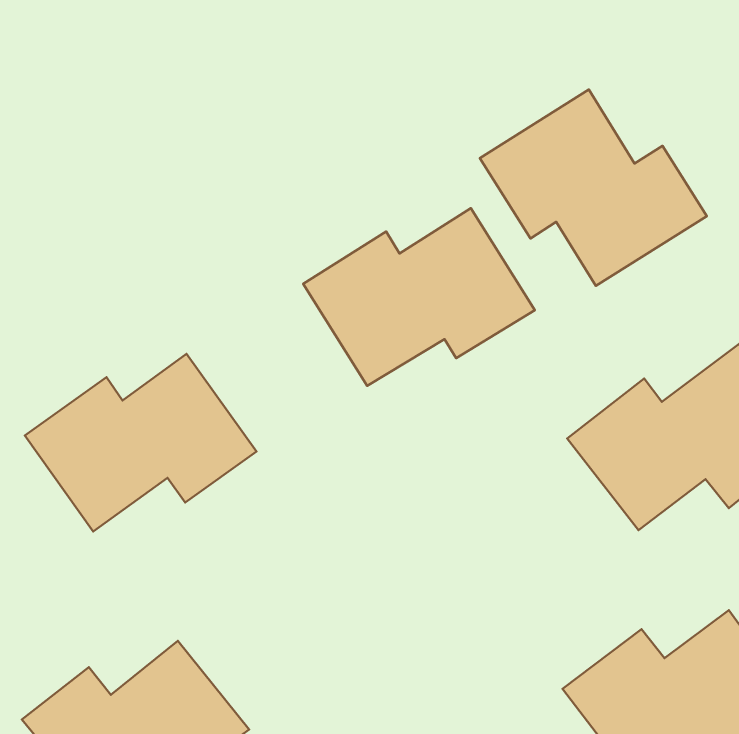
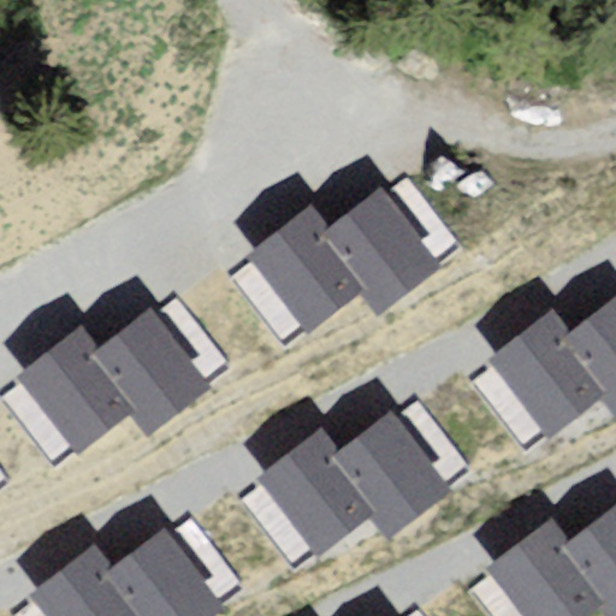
building: [480,90,707,286] -> none
building: none -> [241,413,448,568]

